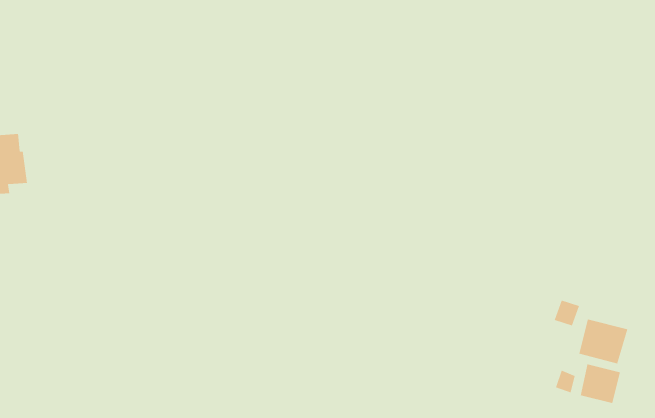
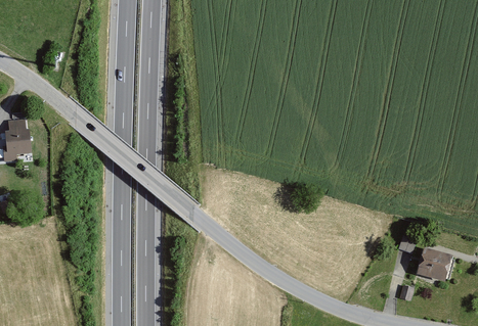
building: [580,363,621,404] -> none

